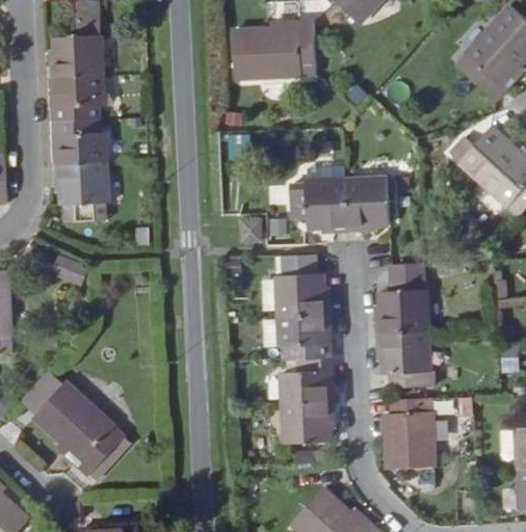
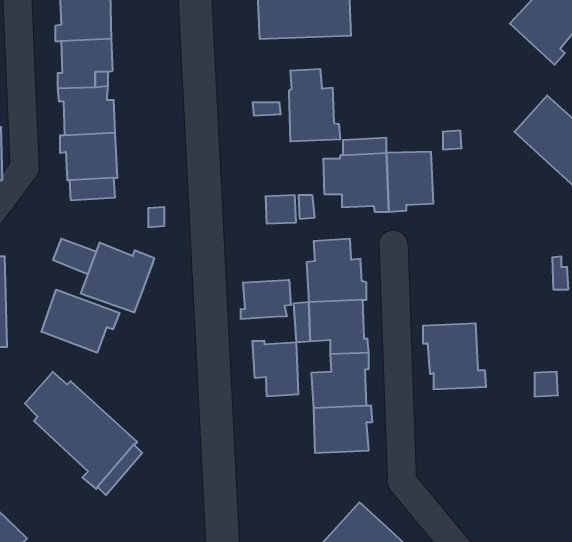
building: none -> [289,69,340,142]
building: none -> [81,242,154,313]
building: [377,265,425,331] -> none
building: none -> [241,280,291,319]
building: none -> [41,290,120,353]
building: none -> [253,341,298,396]
building: [385,397,433,468] -> none

